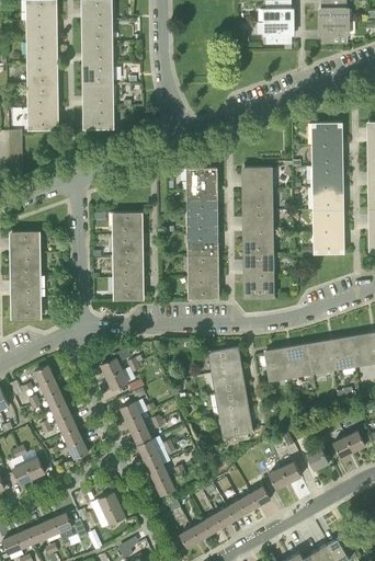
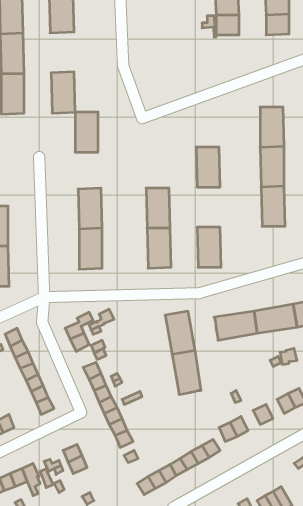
building: [84,41,111,85] -> none
building: [190,168,215,211] -> [75,112,98,152]
building: [246,210,271,254] -> none

